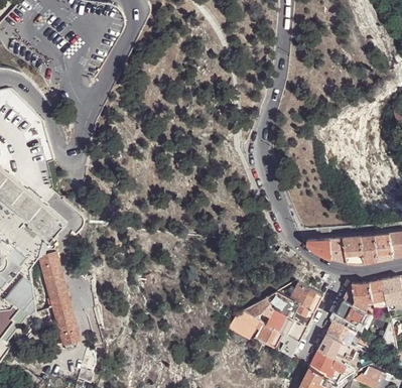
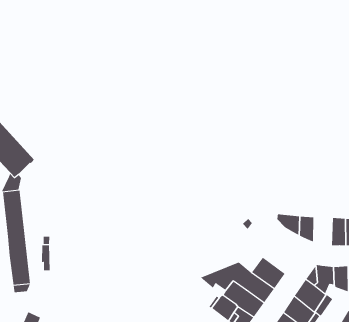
building: [343,237,363,264] -> none
building: [226,312,258,342] -> none

